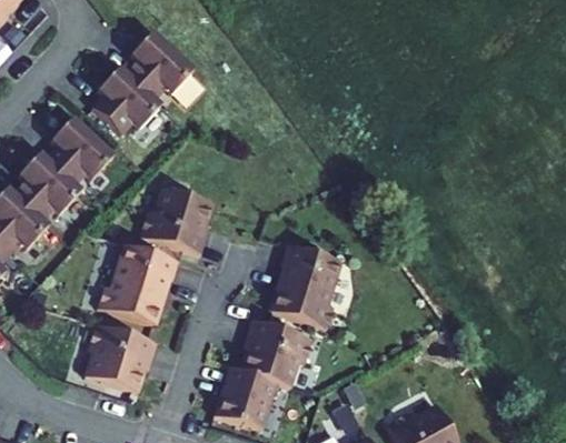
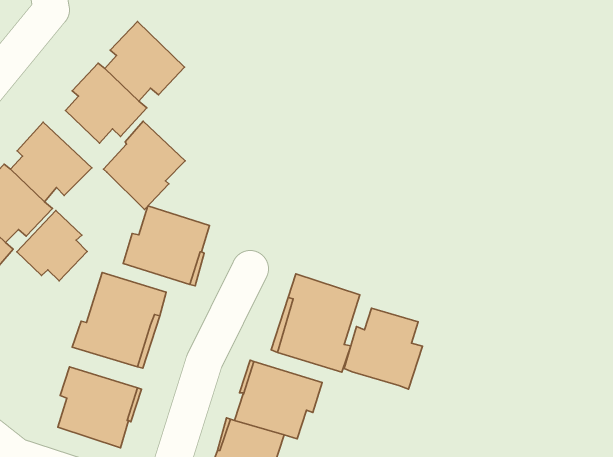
building: none -> [104,121,185,210]
building: none -> [17,211,87,281]
building: none -> [344,308,422,389]

